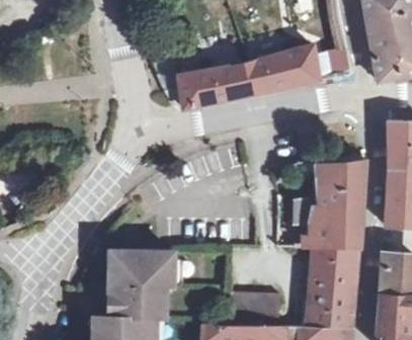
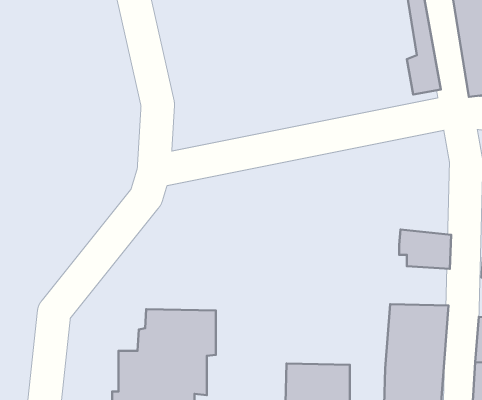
building: [165,46,320,108] -> none
building: [293,162,363,190] -> none
building: [294,198,360,247] -> none

